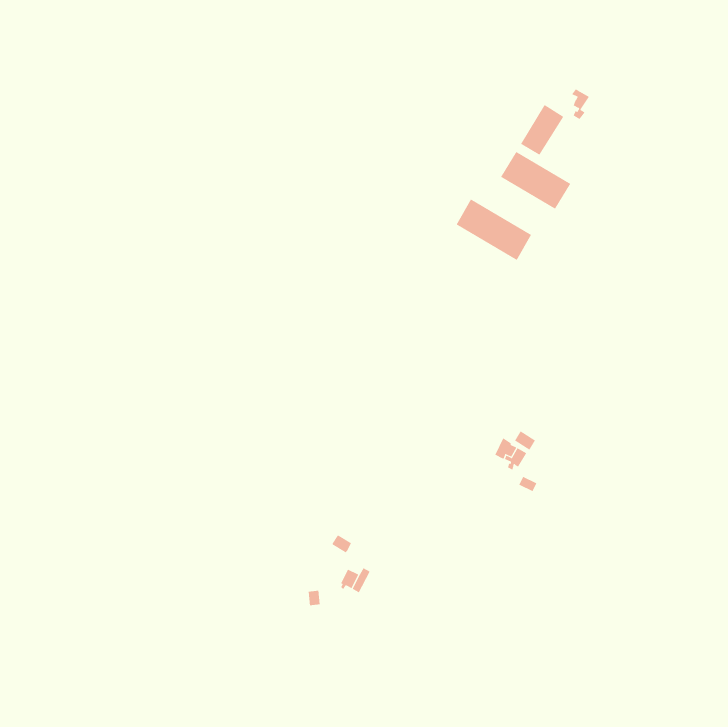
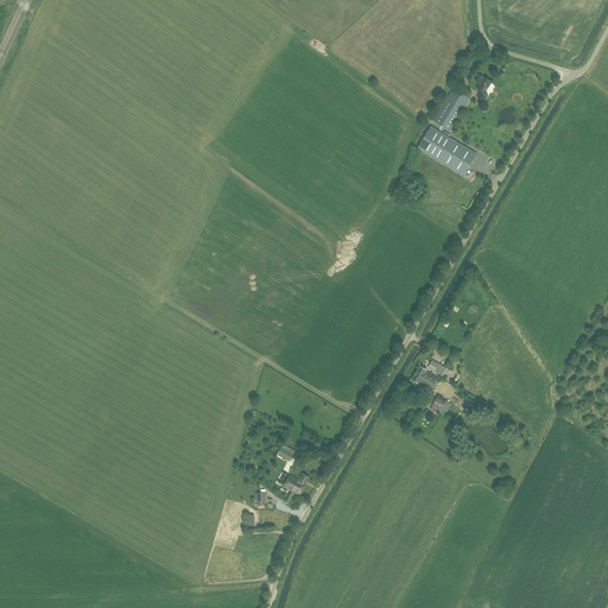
building: [456,199,532,261] -> none

